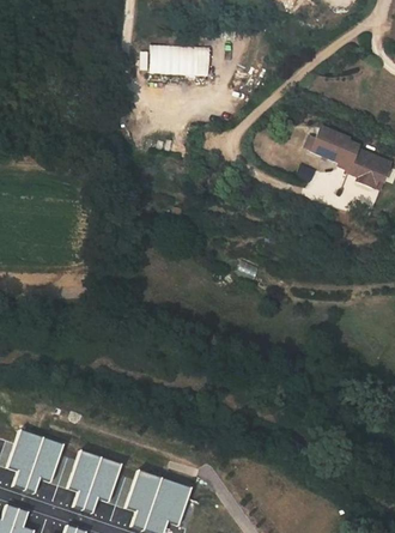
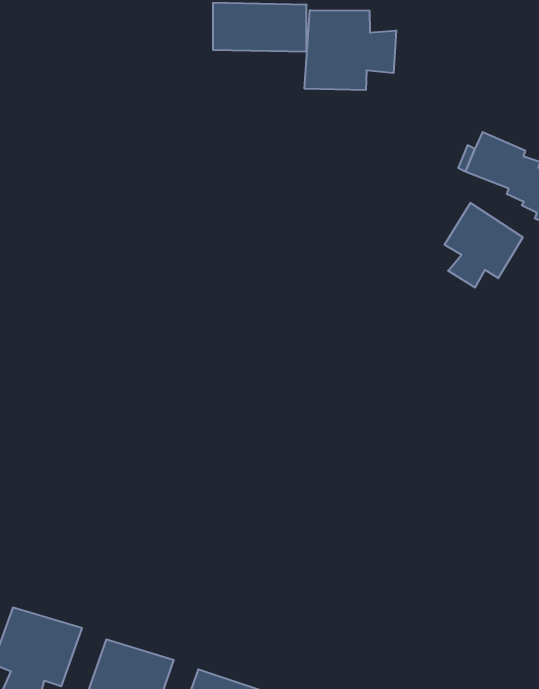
building: none -> [305,10,396,90]
building: none -> [445,203,523,288]

